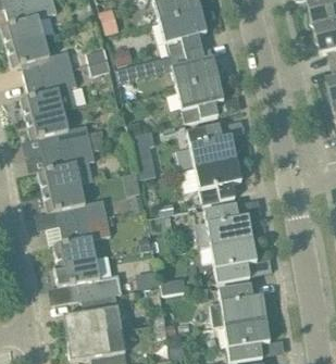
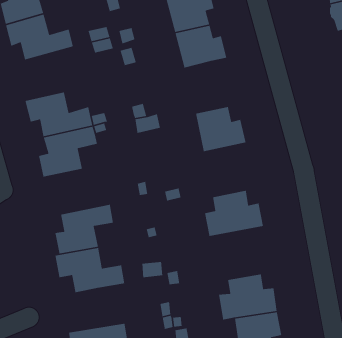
building: [22,67,77,118] -> none
building: [177,78,224,123] -> none
building: [196,159,241,204] -> none
building: [43,184,108,226] -> none
building: [201,238,258,284] -> none
building: [64,293,122,338] -> none

